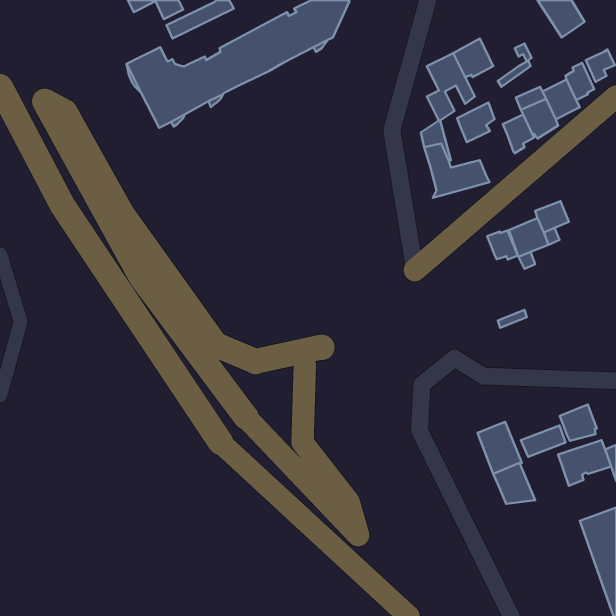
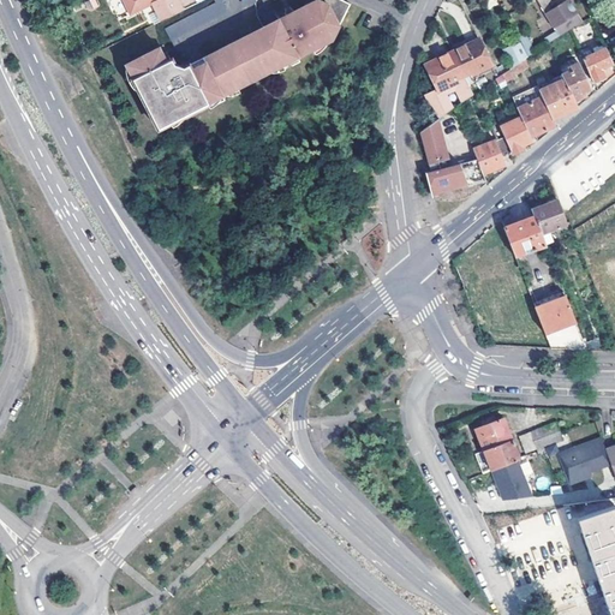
building: [457,102,494,142] -> [474,135,512,174]
building: [487,230,518,259] -> none
building: none -> [538,297,577,334]
building: [560,404,597,441] -> none

